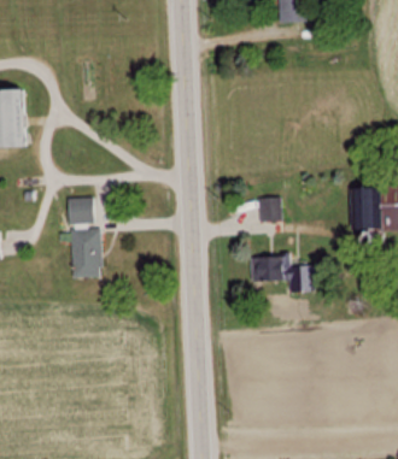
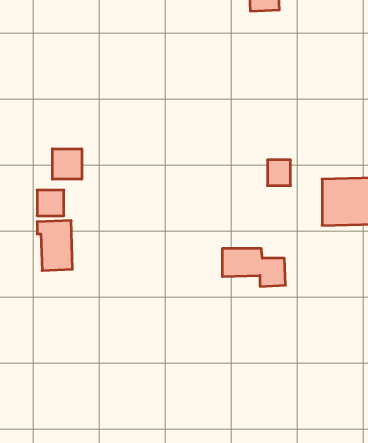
building: none -> [52,149,82,179]
building: [259,198,282,223] -> [267,160,291,186]

